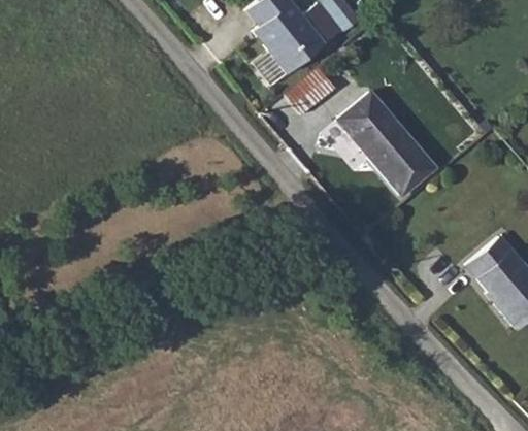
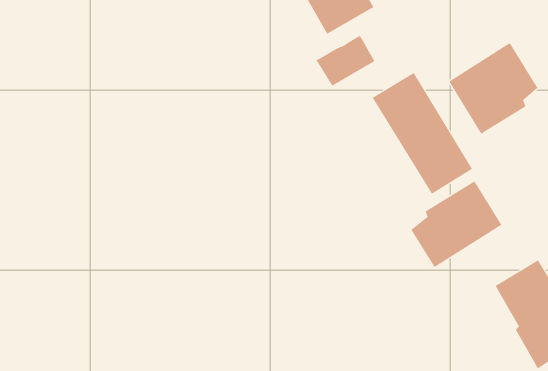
building: none -> [448,42,538,134]
building: none -> [411,180,502,268]

